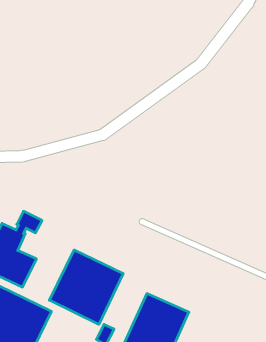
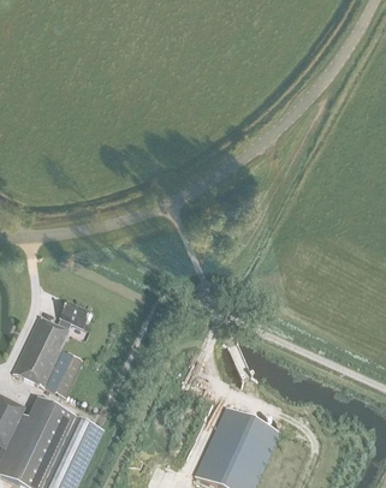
building: [49,250,123,324] -> none

